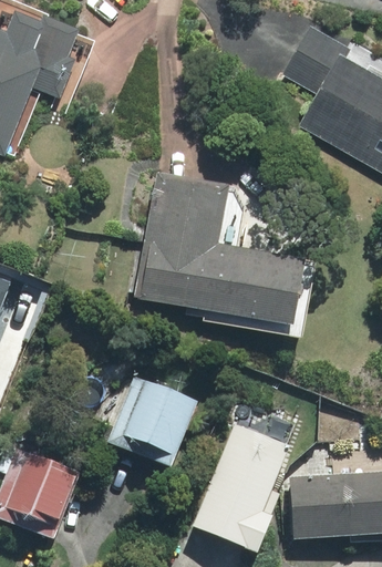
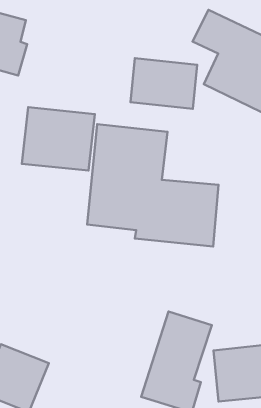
building: none -> [130,58,197,109]
building: none -> [22,107,95,171]
building: [109,372,199,470] -> none

